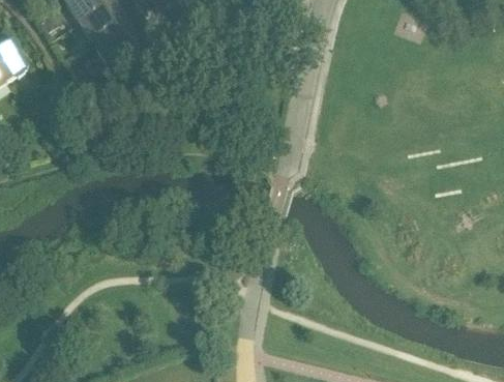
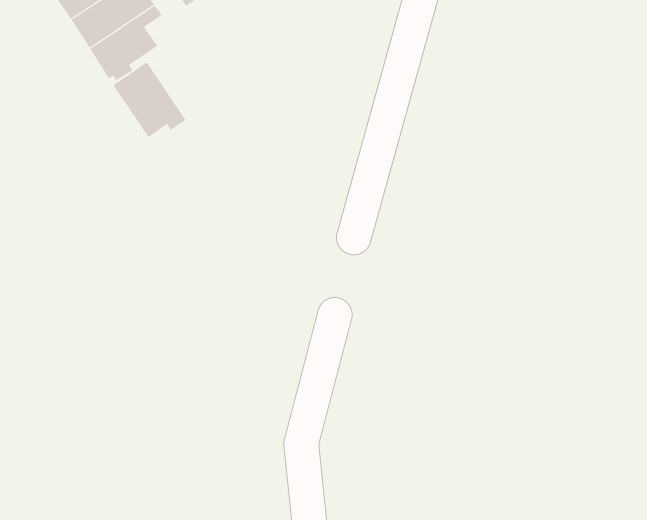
building: none -> [113,61,186,138]

